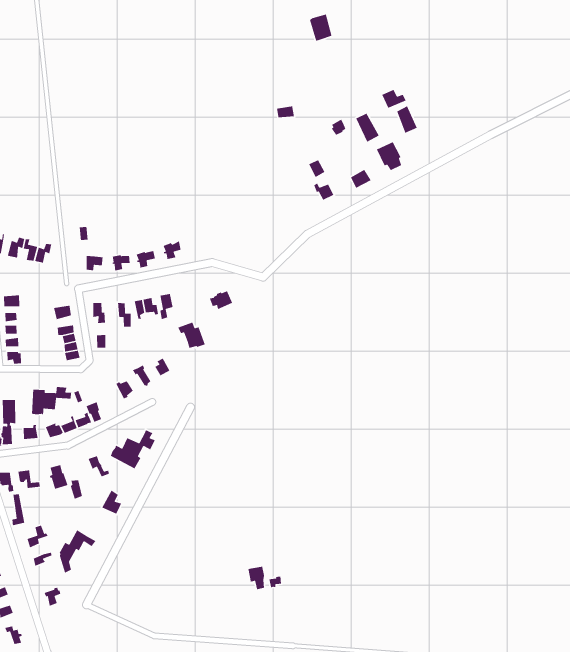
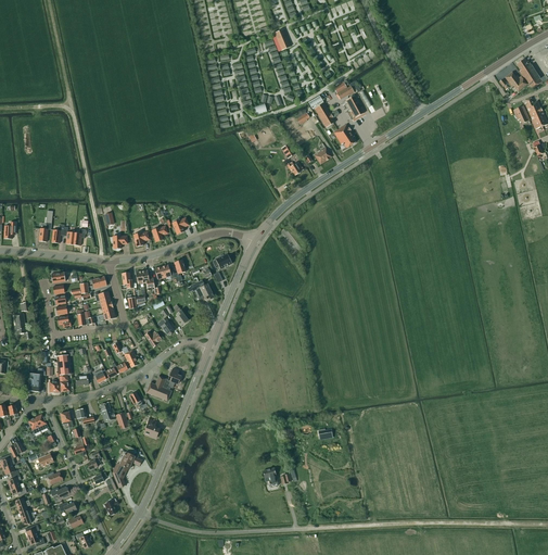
building: [31,386,72,416] -> none

